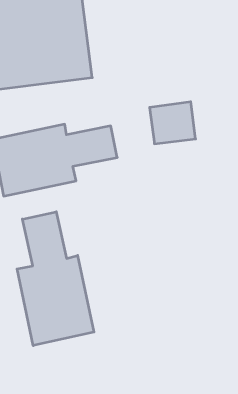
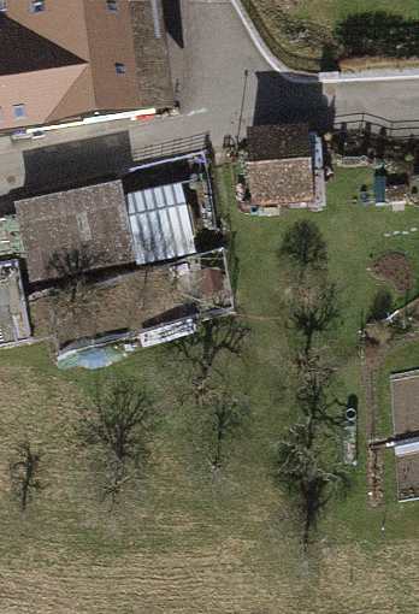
building: [17,212,94,346] -> none

